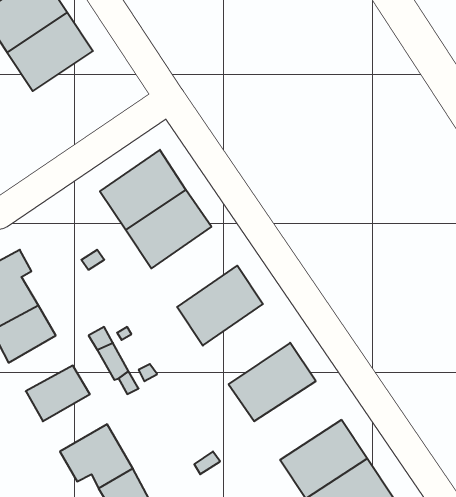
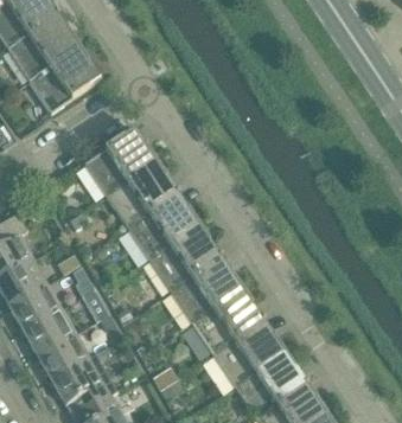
building: none -> [27,44,100,110]
building: none -> [126,190,197,256]
building: none -> [168,254,241,320]
building: none -> [7,280,60,326]
building: none -> [211,318,283,383]
building: none -> [36,328,89,376]

